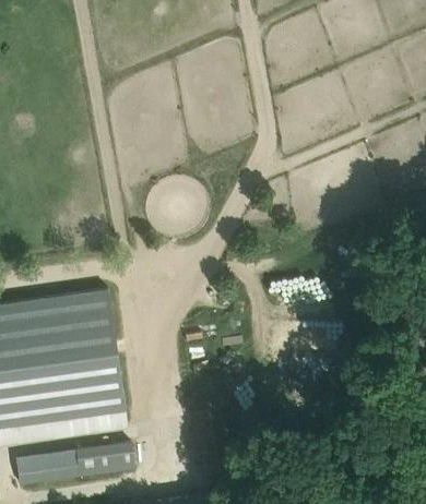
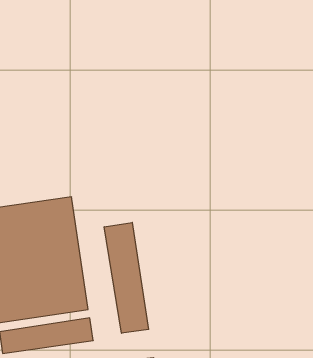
building: none -> [104,222,149,333]

